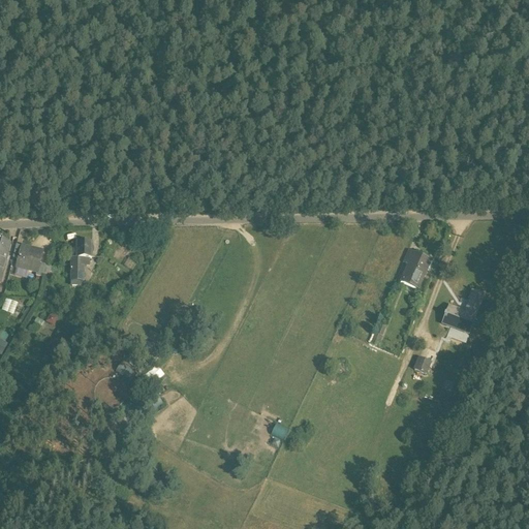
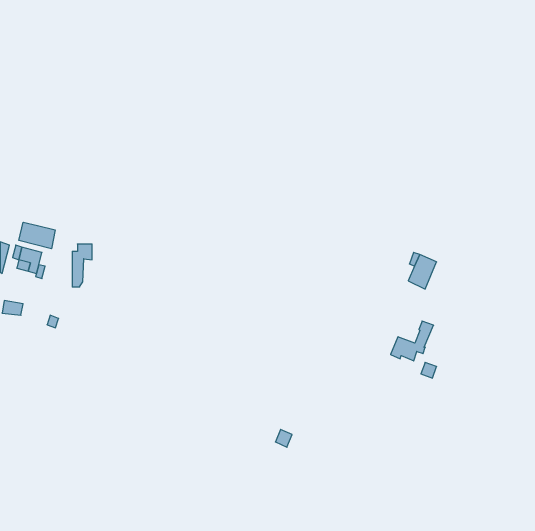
building: none -> [19,222,55,249]
building: [442,289,485,329] -> [391,321,434,361]

